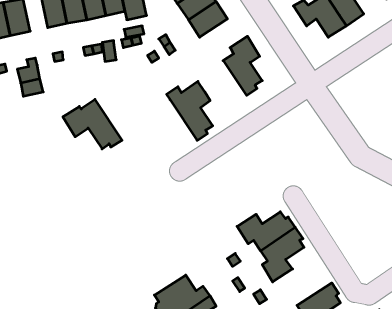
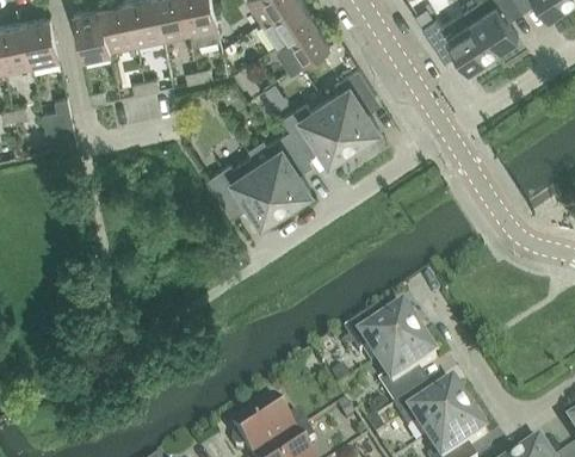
building: none -> [282,99,357,159]
building: [63,99,122,149] -> [208,153,289,221]
building: none -> [392,383,474,436]

